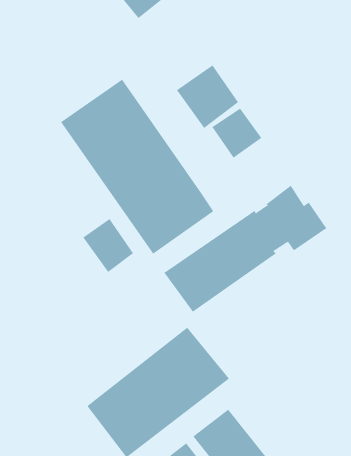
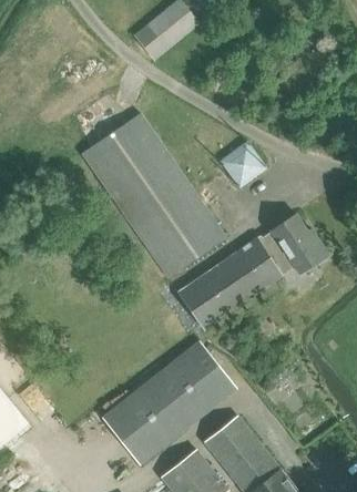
building: [176,64,239,129] -> none
building: [83,218,134,273] -> none

